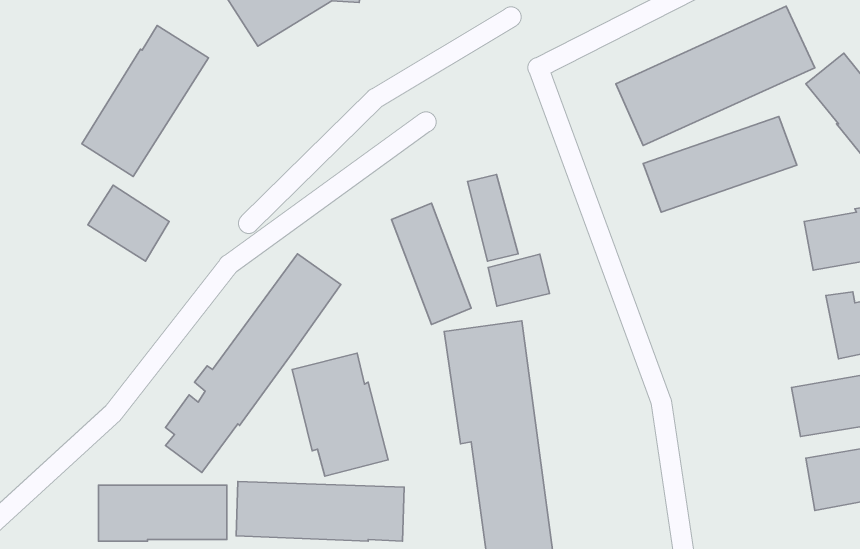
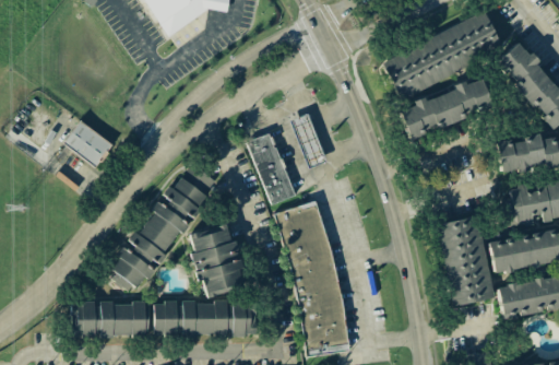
building: [82,25,209,177] -> none
building: [488,254,550,306] -> none
building: none -> [438,216,493,306]

